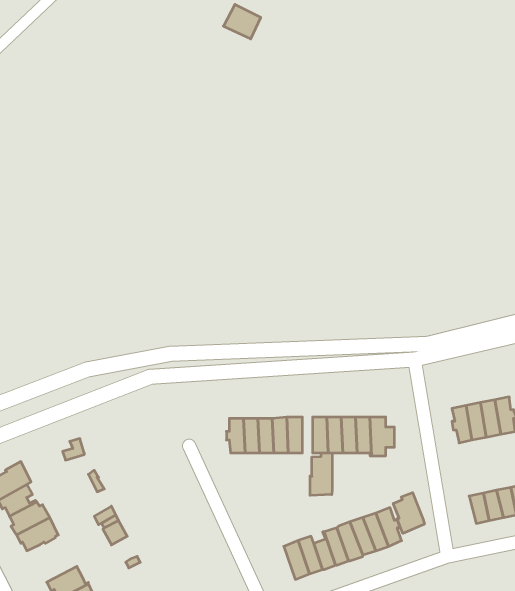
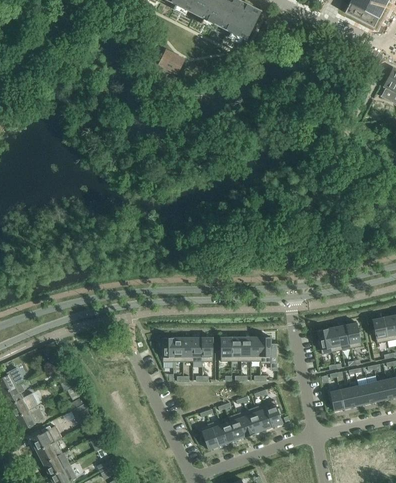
building: [310,453,332,495] -> none
building: [393,493,424,533] -> none
building: none -> [31,425,62,451]

